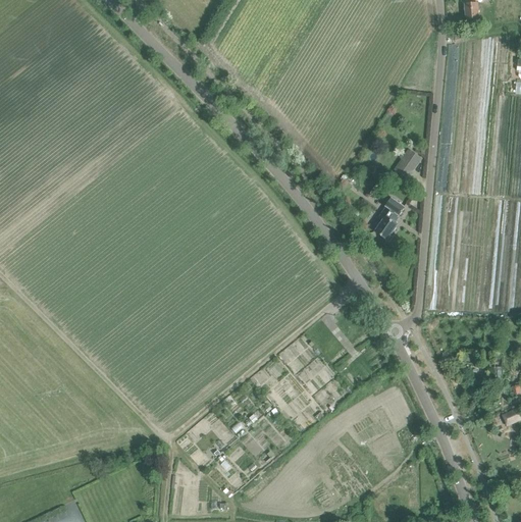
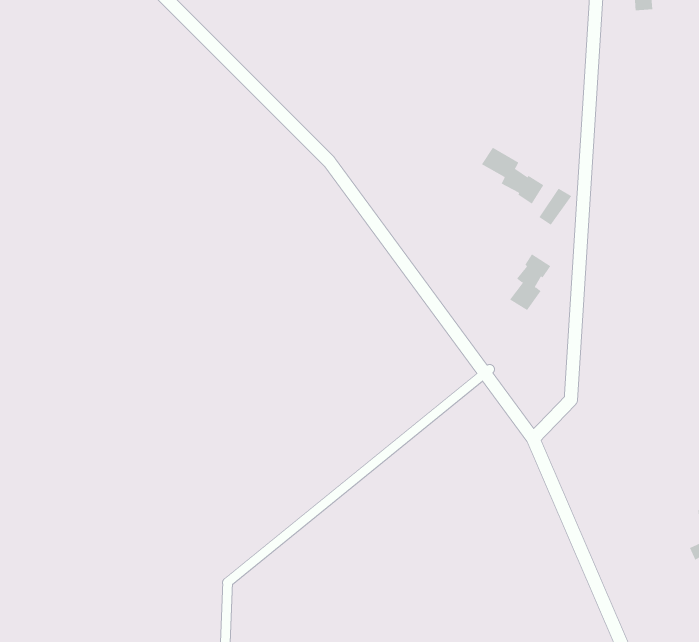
building: none -> [481,147,544,204]

